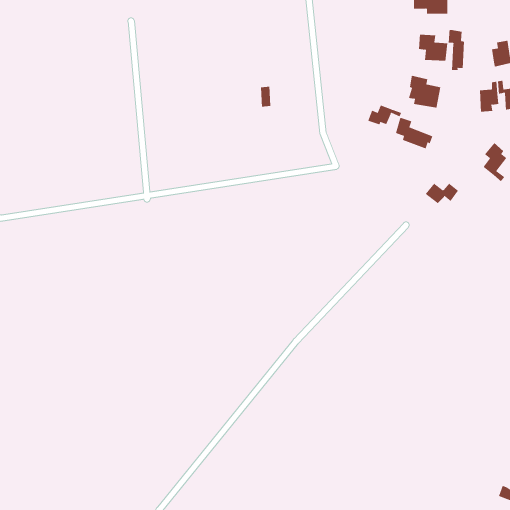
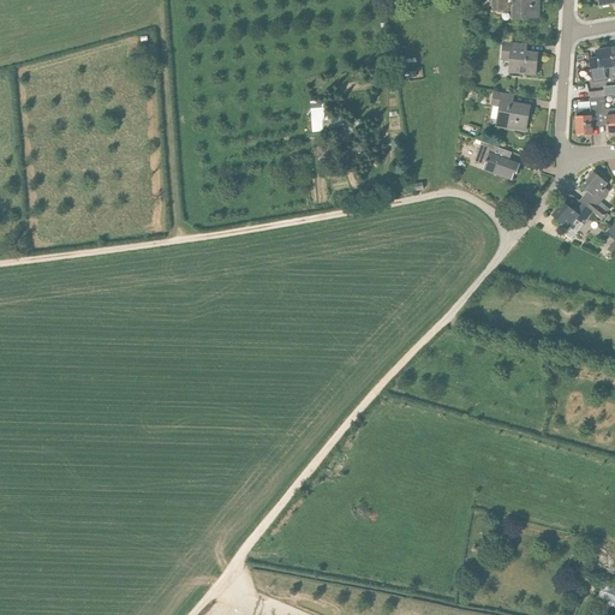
building: [448,29,465,71] -> none
building: [368,105,402,125] -> none
building: [425,183,459,204] -> [553,201,593,226]

